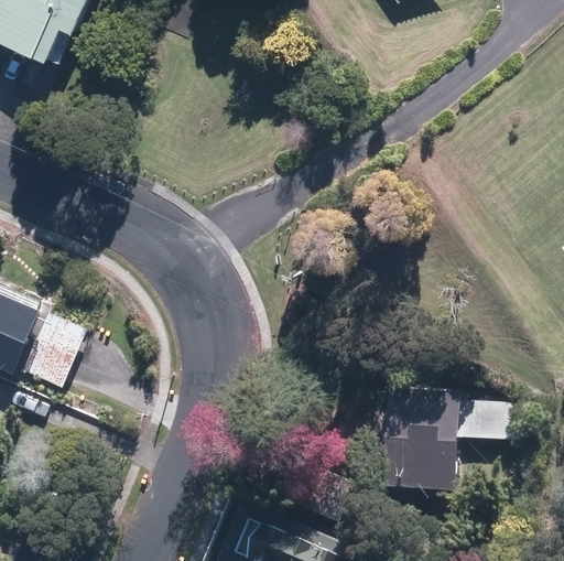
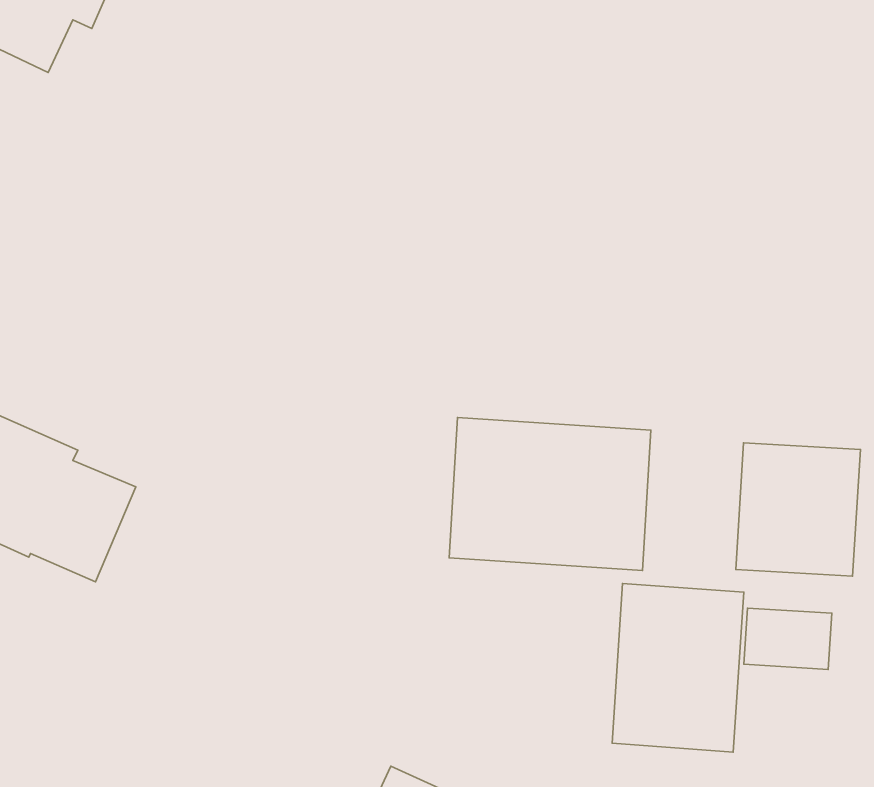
building: none -> [449,417,651,570]
building: none -> [736,443,860,576]

